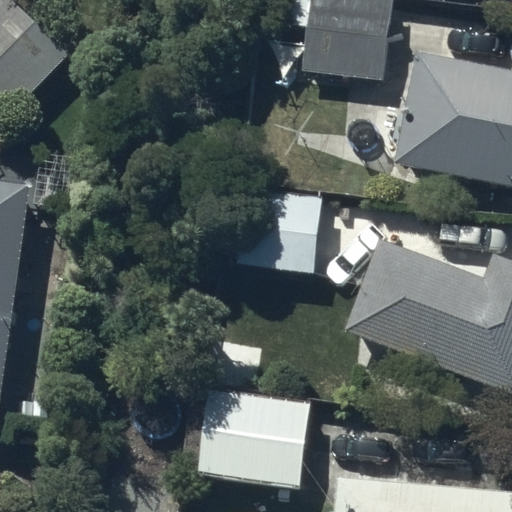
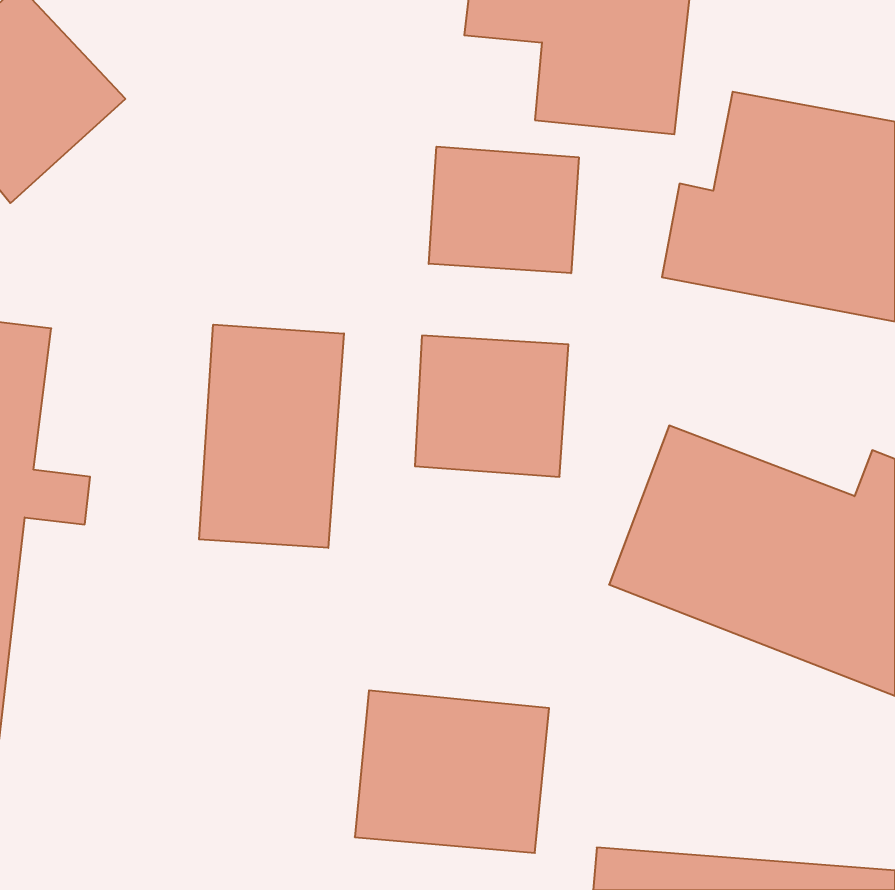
building: none -> [429,147,579,273]
building: none -> [199,325,344,548]

